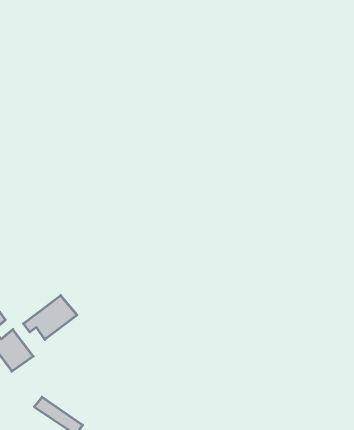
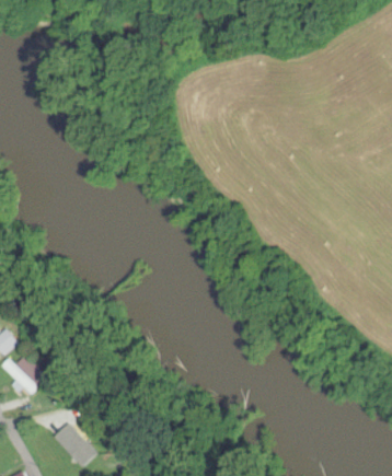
building: [23,295,77,340] -> none

